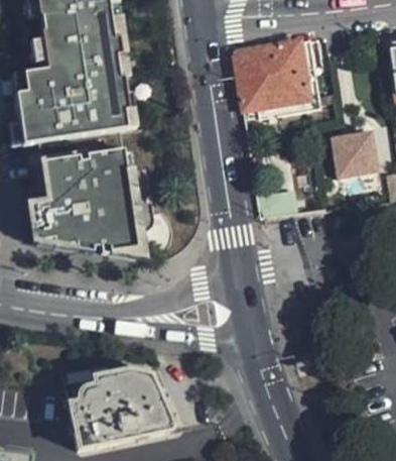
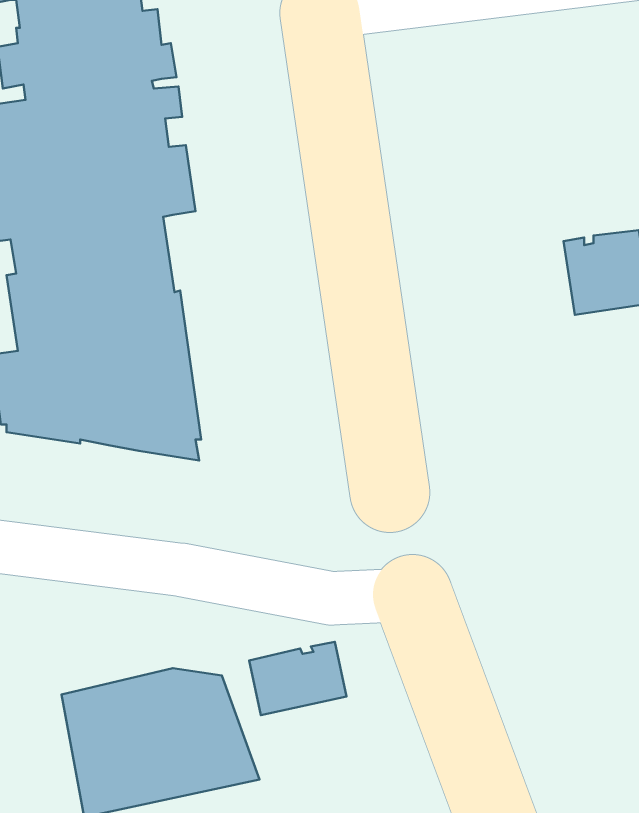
building: [235,40,309,112] -> none
building: none -> [249,642,346,715]

